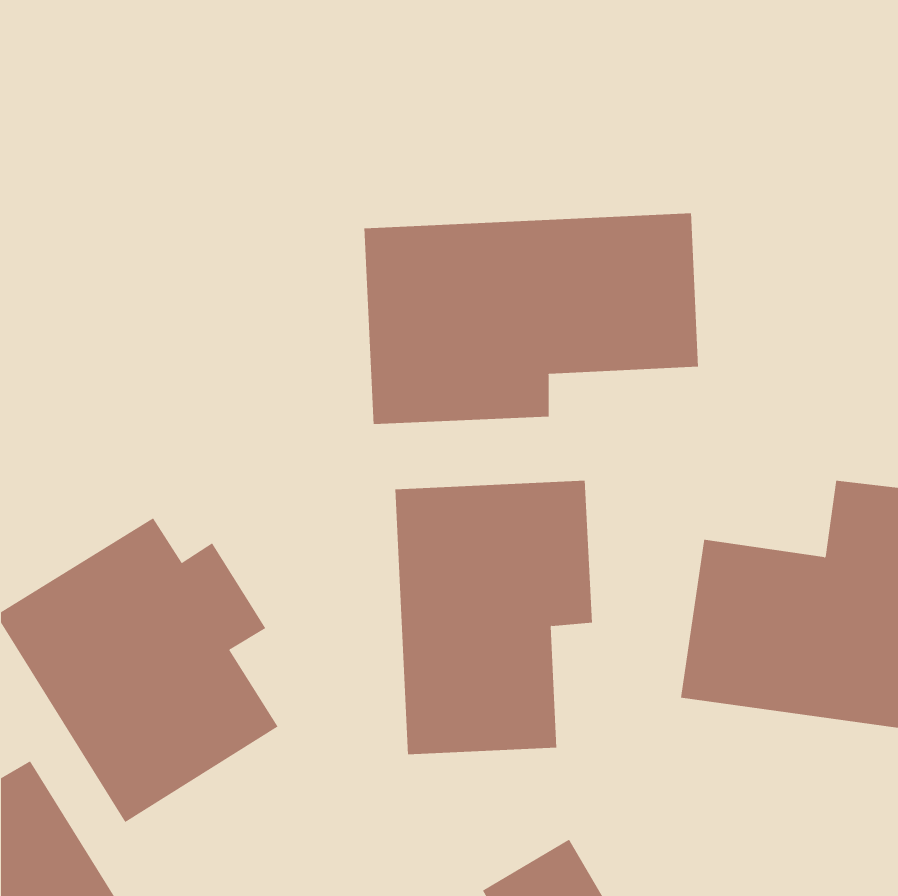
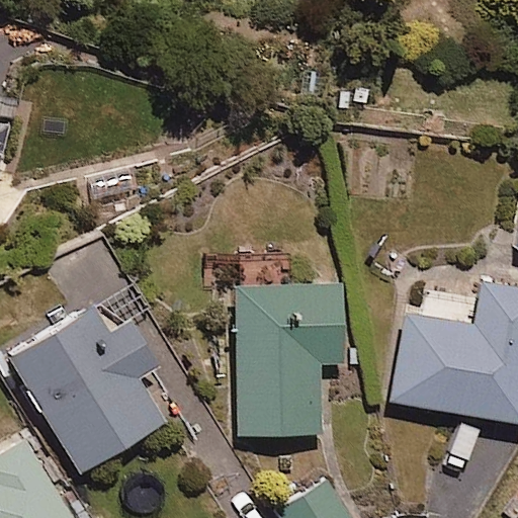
building: [364,212,699,425] -> none

